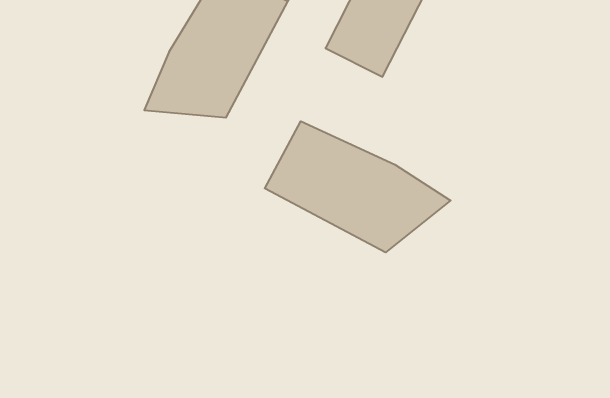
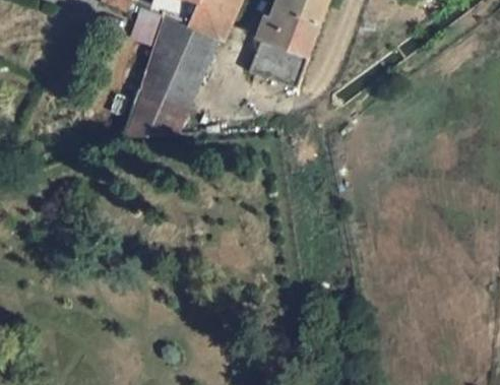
building: [265,121,451,252] -> none

